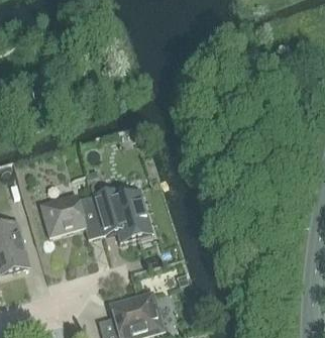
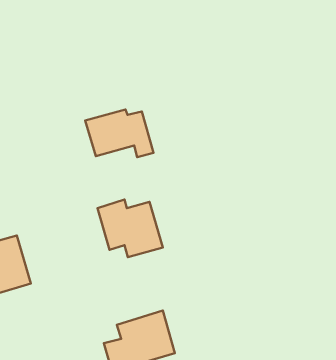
building: [39,194,103,238] -> [85,109,154,157]

